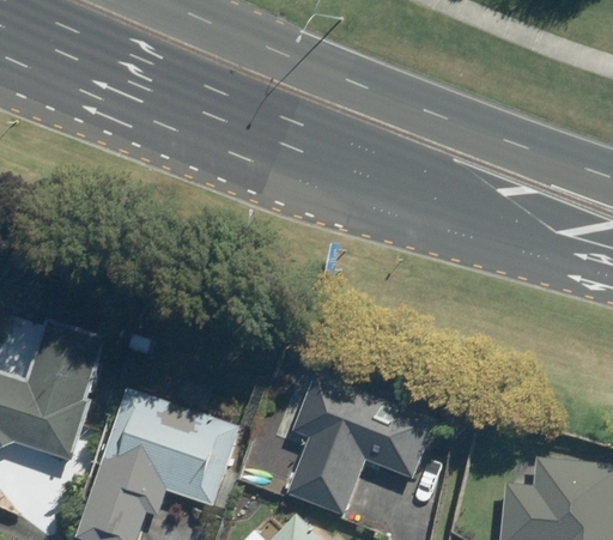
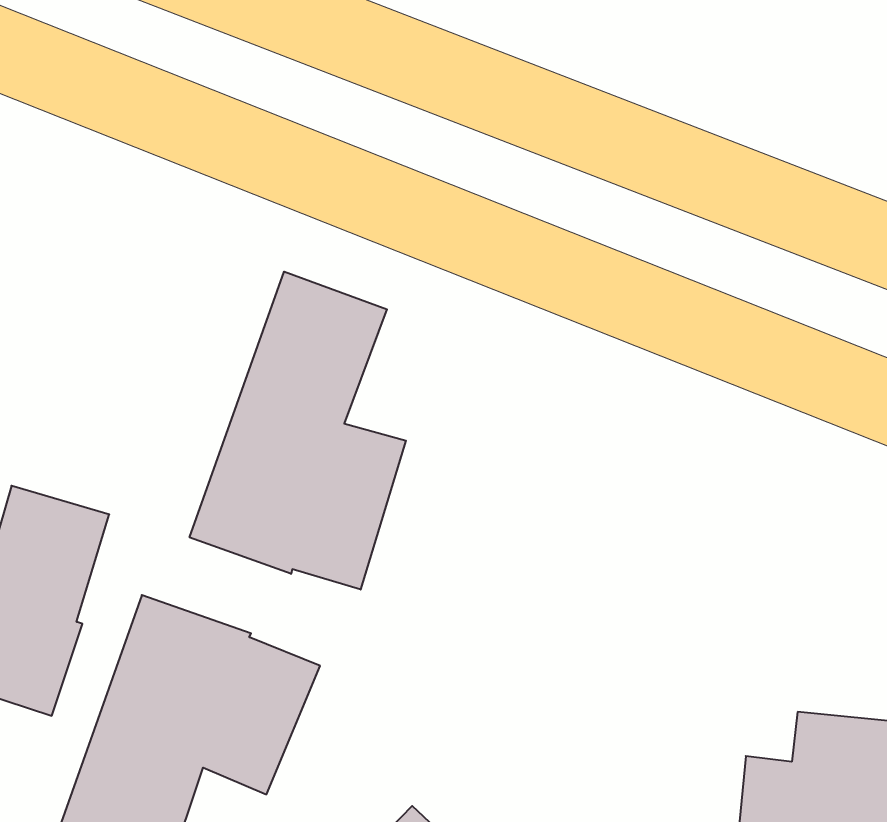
building: none -> [190,272,406,590]
building: [286,376,426,517] -> none

